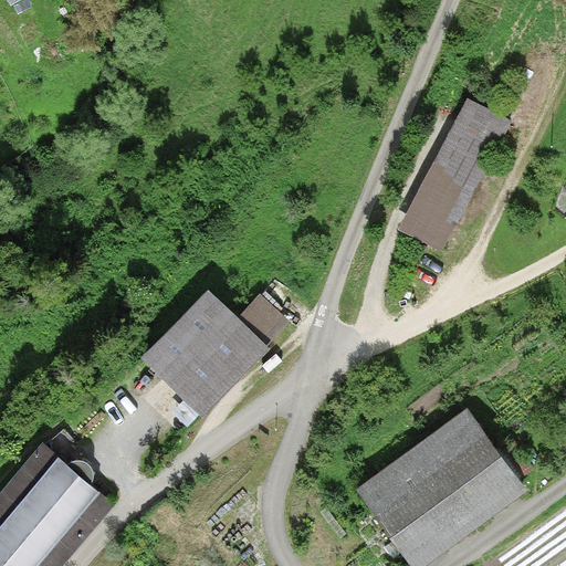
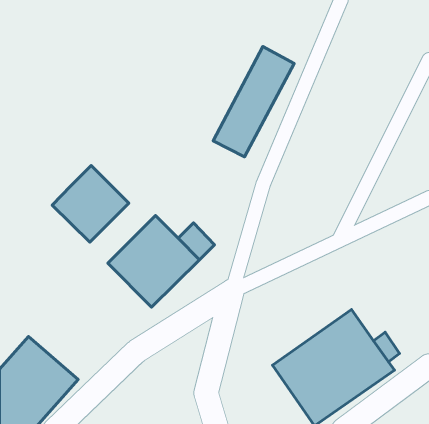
building: [400,105,506,250] -> [213,47,294,157]
building: none -> [52,165,129,242]

